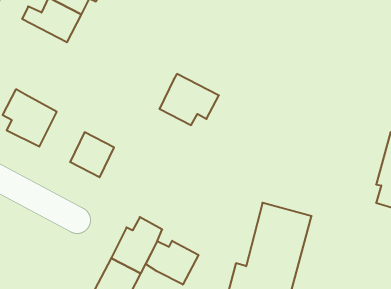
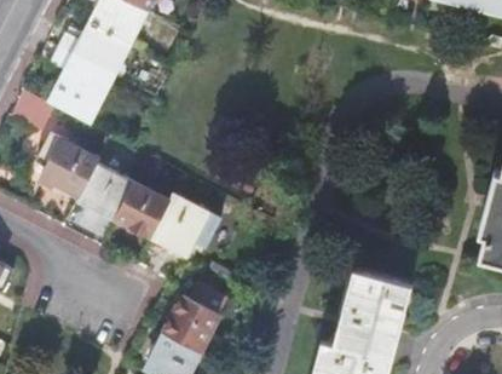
building: none -> [54,48,115,123]
building: [159,74,219,125] -> [154,195,224,255]
building: none -> [82,163,135,218]
building: [146,241,198,285] -> none

